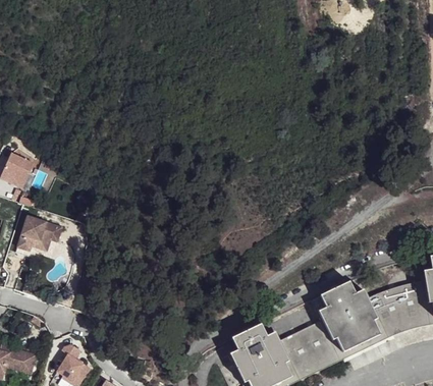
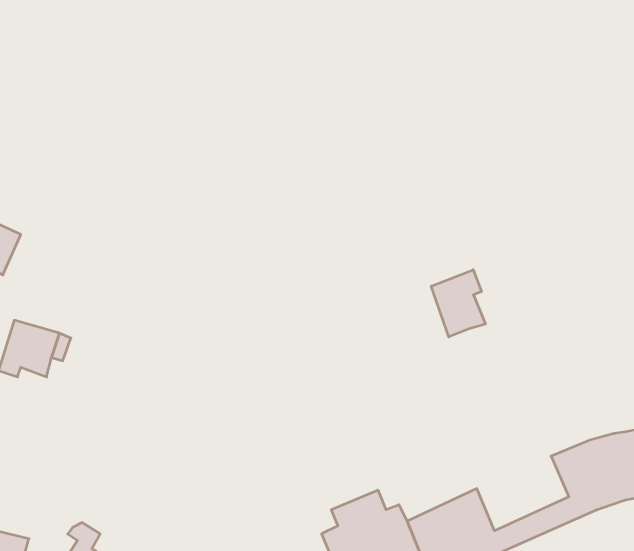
building: none -> [431,270,485,337]
building: [316,281,378,347] -> none

